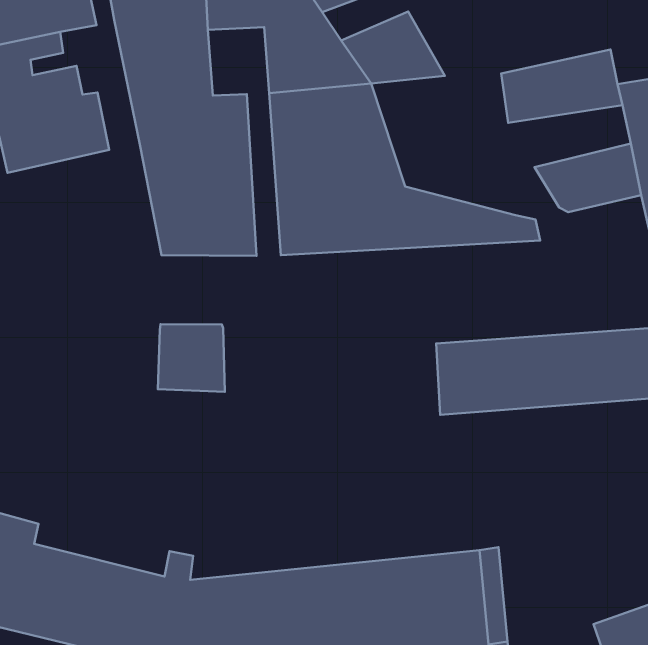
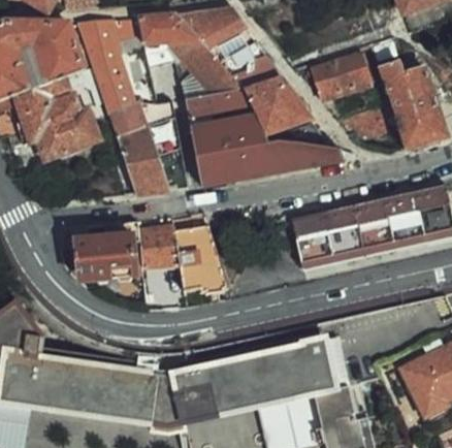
building: none -> [237,74,326,147]
building: none -> [68,225,141,281]
building: none -> [172,224,227,292]

